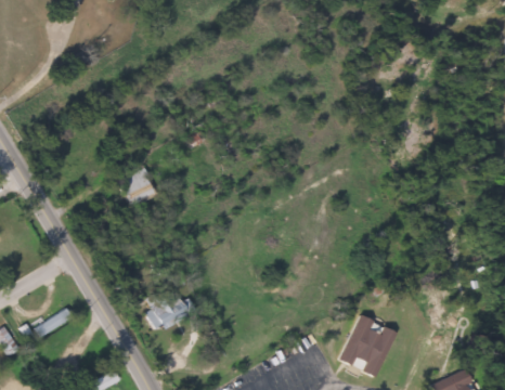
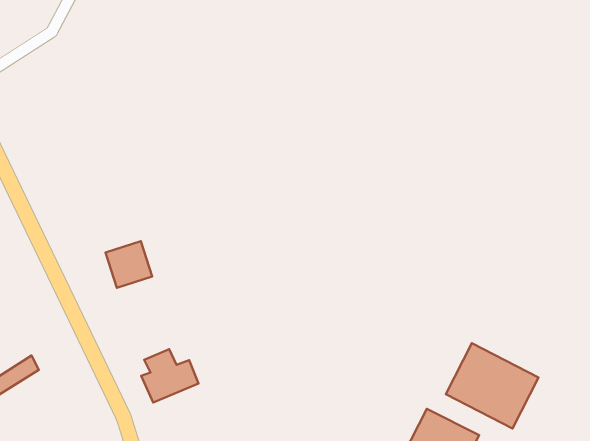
building: [120,169,156,205] -> [106,241,152,288]
building: none -> [446,343,538,429]

